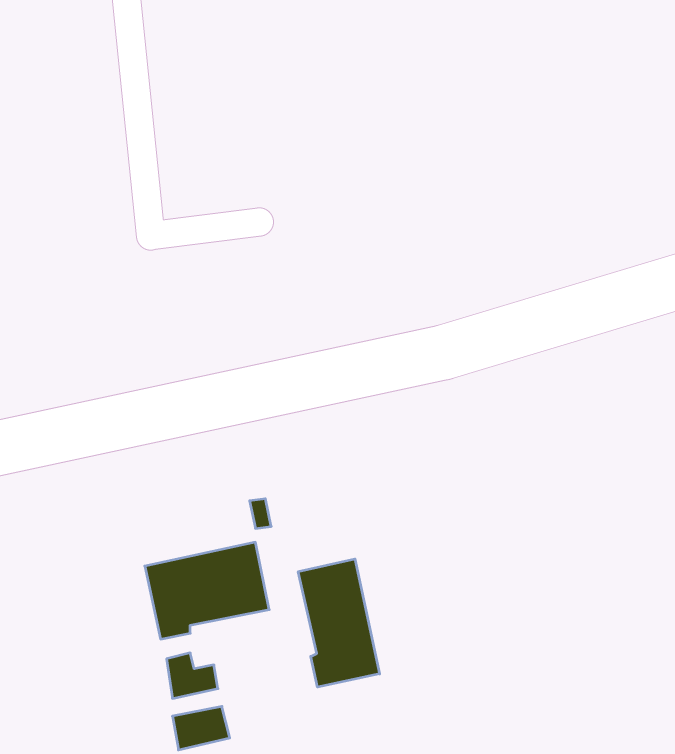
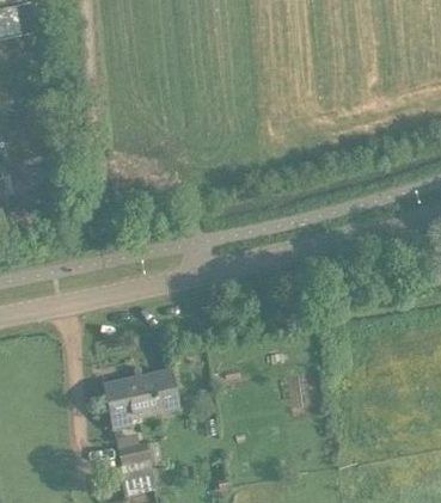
building: [298,559,380,687] -> none

